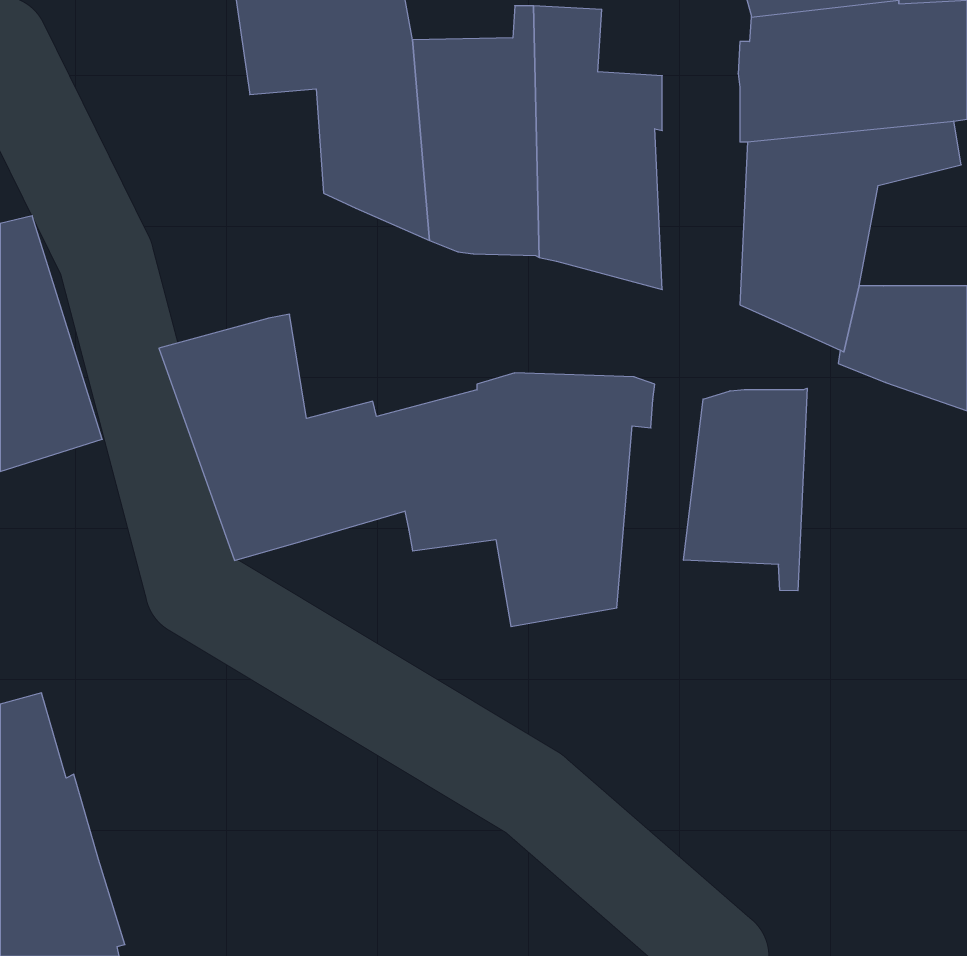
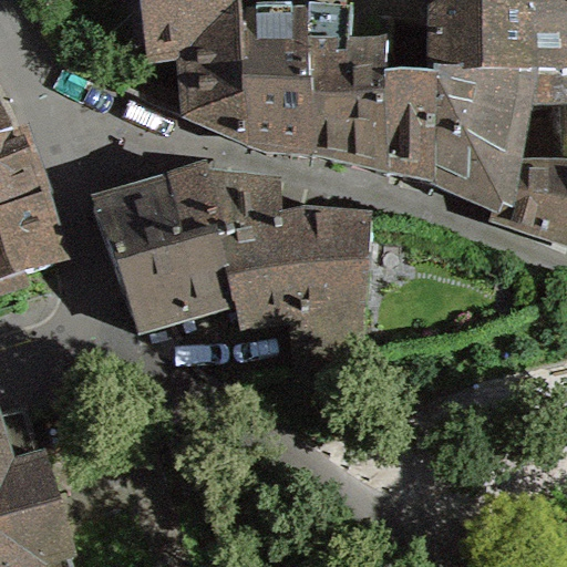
building: none -> [383,75,437,178]
building: none -> [169,174,279,245]
building: [684,388,807,591] -> none

